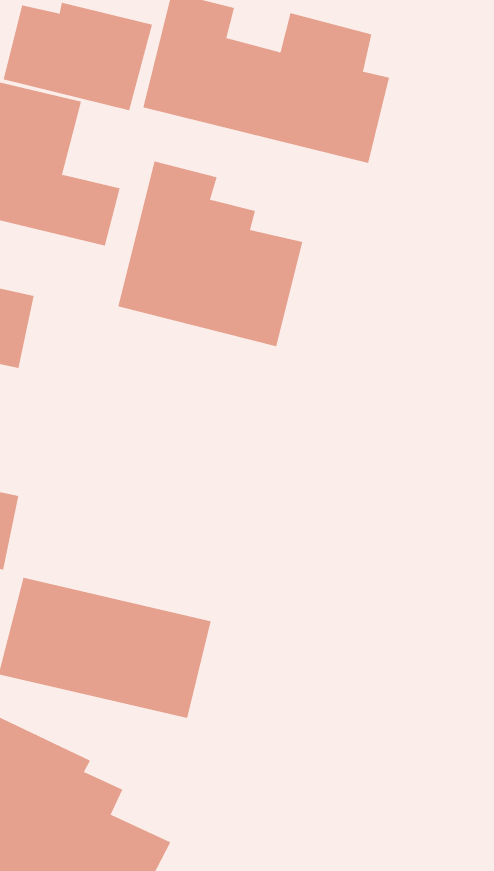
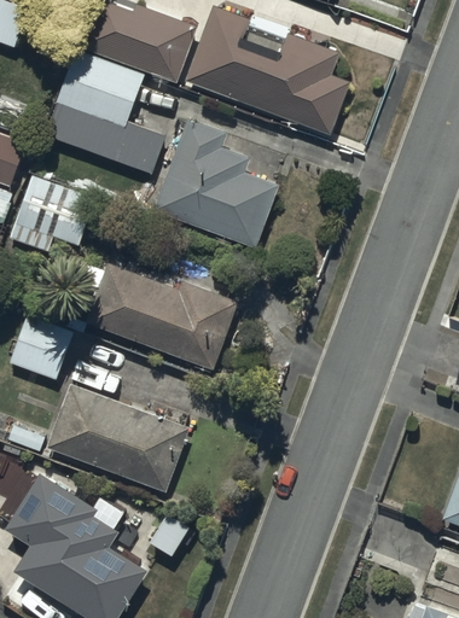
building: none -> [94,268,240,369]

